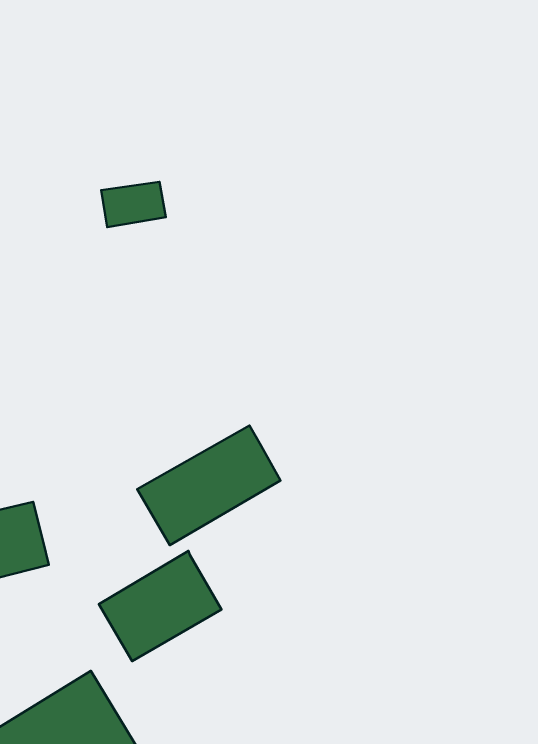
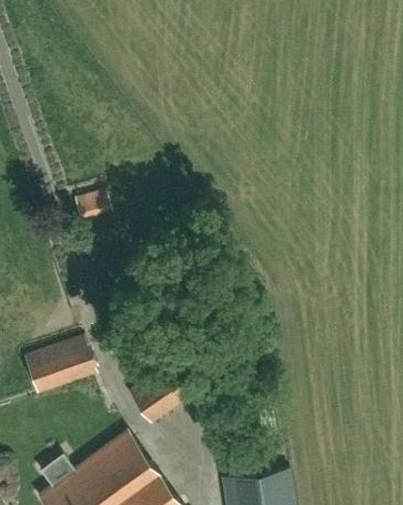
building: [101,182,166,227] -> [72,191,111,220]
building: [137,425,281,545] -> none

